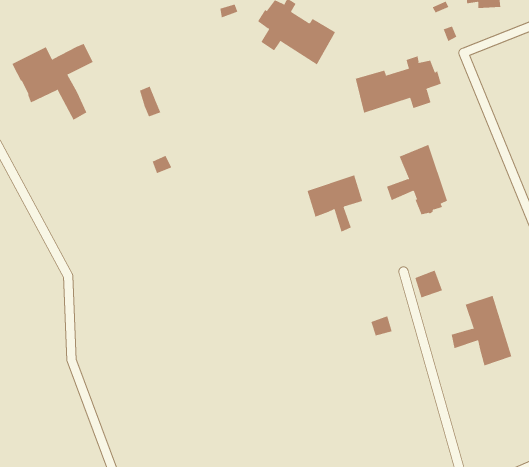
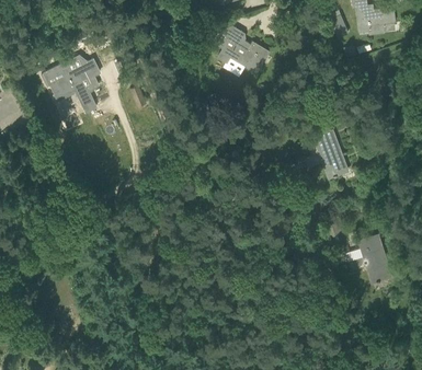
building: [355,56,441,113] -> none
building: [307,174,363,232] -> none

